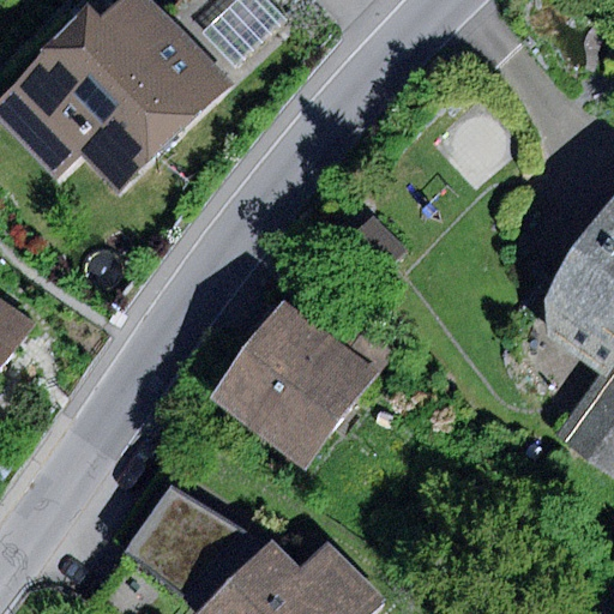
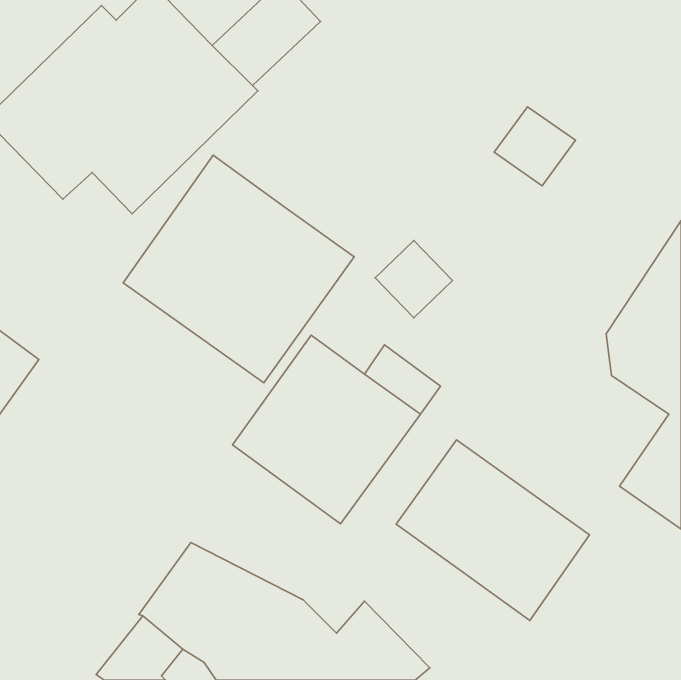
building: none -> [123,155,354,383]
building: none -> [396,440,590,620]

